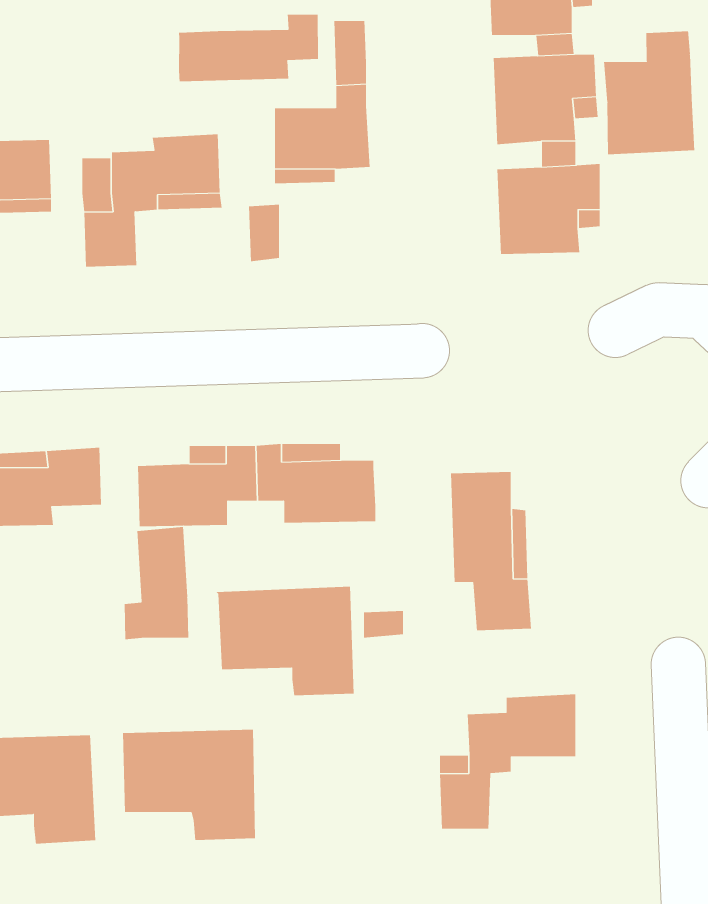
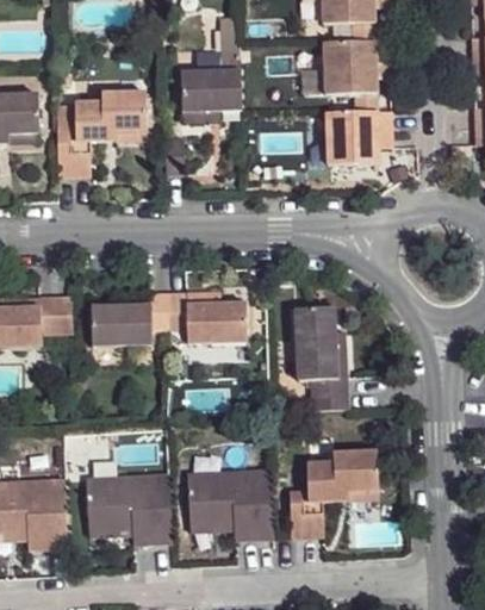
building: [178,14,318,82] -> none
building: [603,31,695,155] -> none
building: [124,526,189,640] -> none
building: [216,586,355,696] -> [184,469,273,540]

